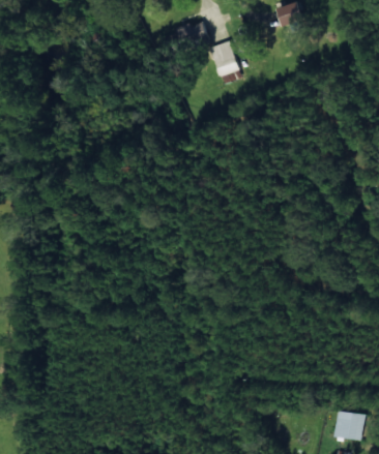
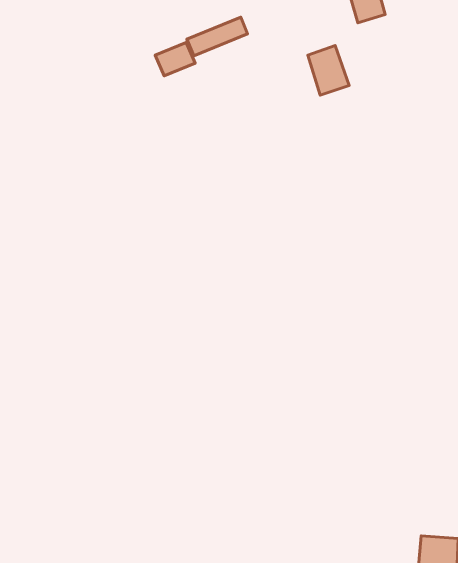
building: [208,41,239,79] -> [308,46,349,95]
building: none -> [155,43,195,76]

